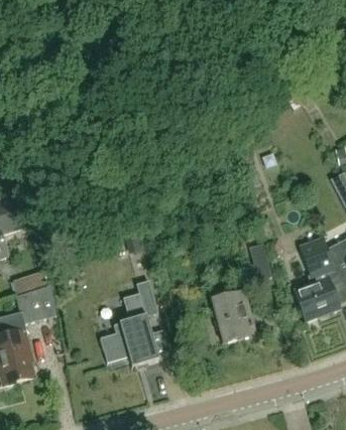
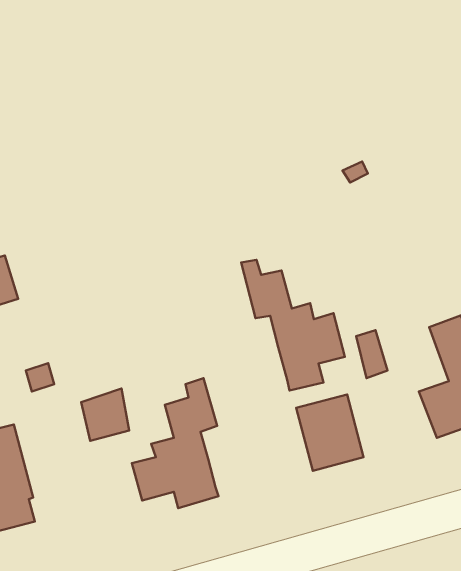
building: none -> [241,260,345,391]
building: [22,284,54,319] -> [81,389,129,441]

